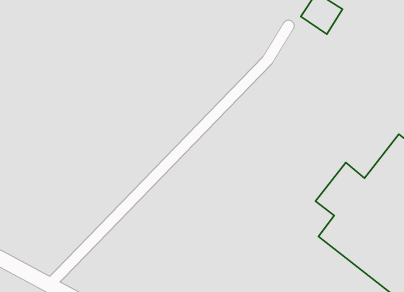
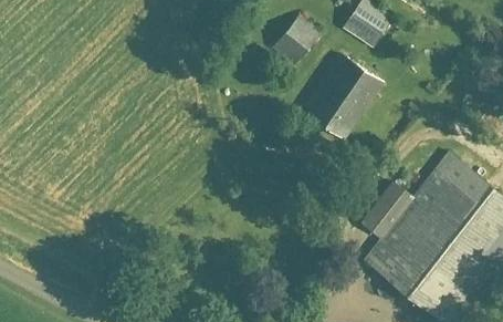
building: none -> [272,14,321,65]
building: none -> [302,54,383,138]

